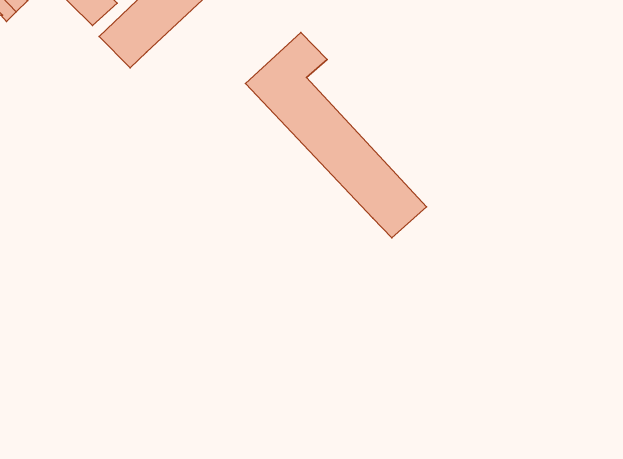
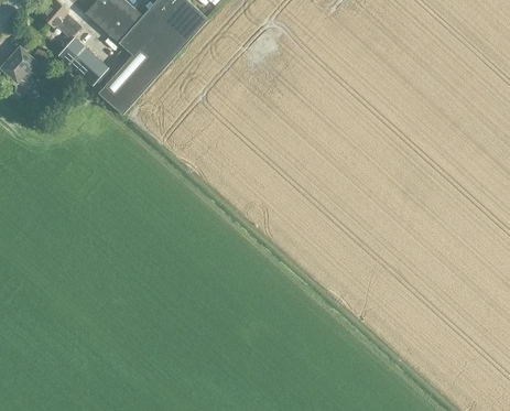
building: [246,33,427,238] -> none

